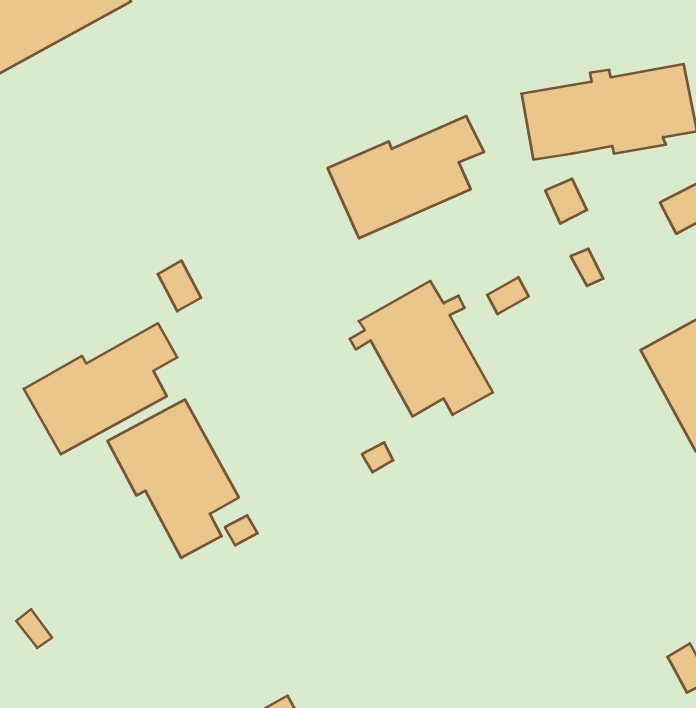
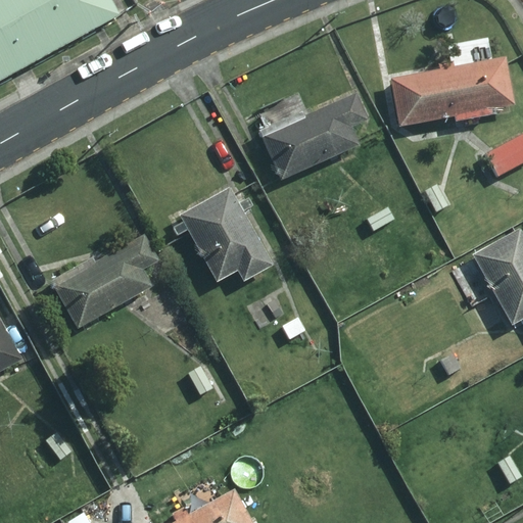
building: [350,281,493,416] -> [173,188,271,281]
building: [108,399,239,558] -> none

